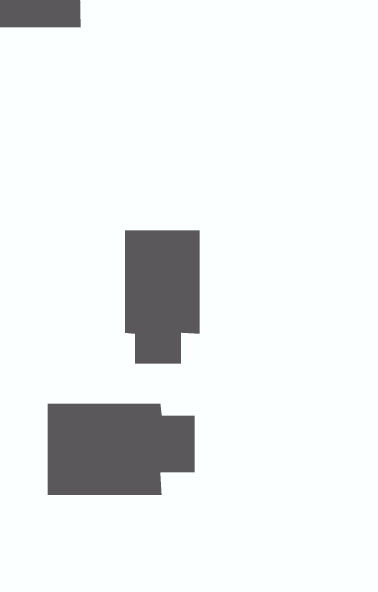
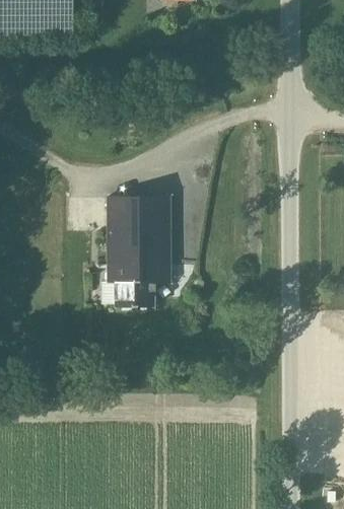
building: [47,403,196,496] -> none

